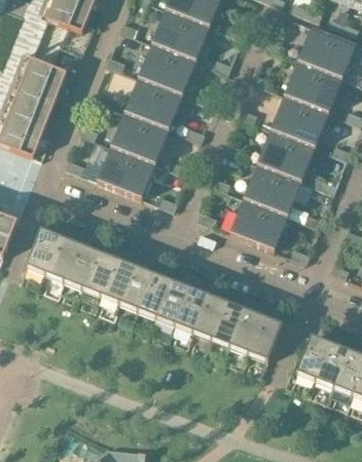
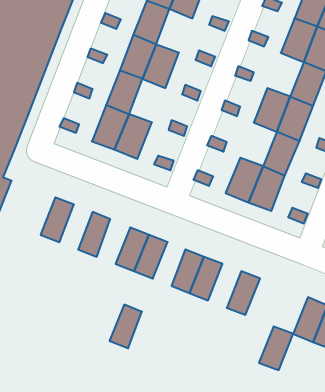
building: [160,49,196,92] -> none
building: [270,92,306,136] -> none
building: [134,118,170,161] -> none
building: [244,161,280,204] -> none
building: [27,228,61,272] -> none
building: [65,242,98,286] -> none
building: [102,257,135,301] -> none
building: [157,279,189,322] -> [110,305,142,348]
building: [212,301,245,344] -> none
building: [249,315,283,358] -> [259,326,293,370]

